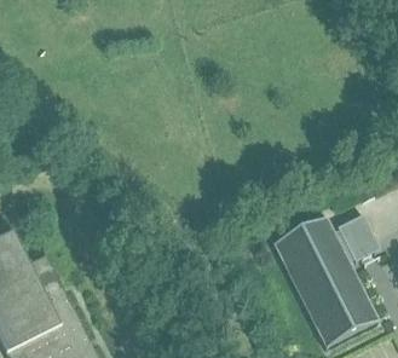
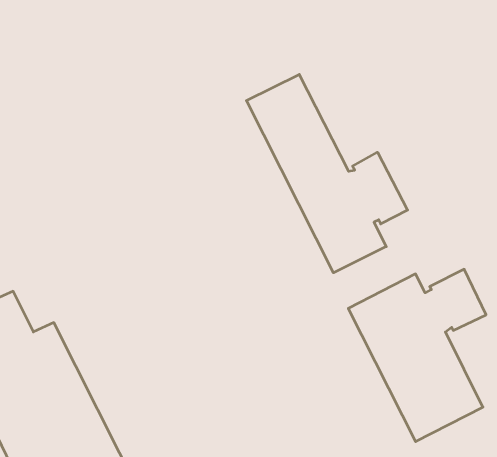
building: none -> [246,74,408,273]

